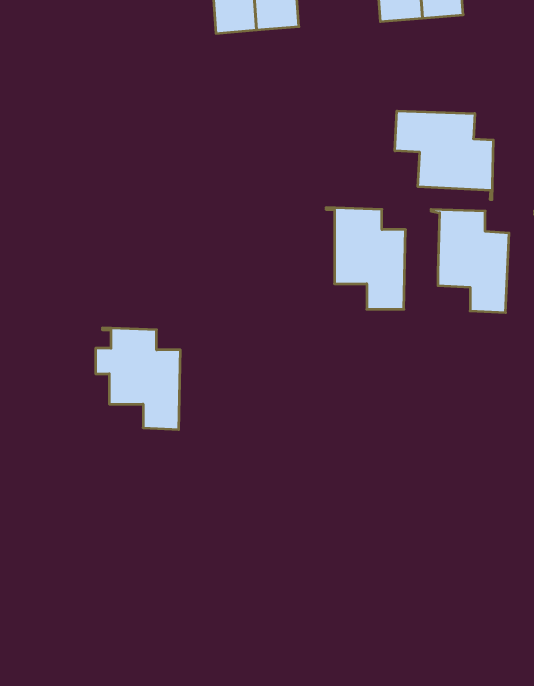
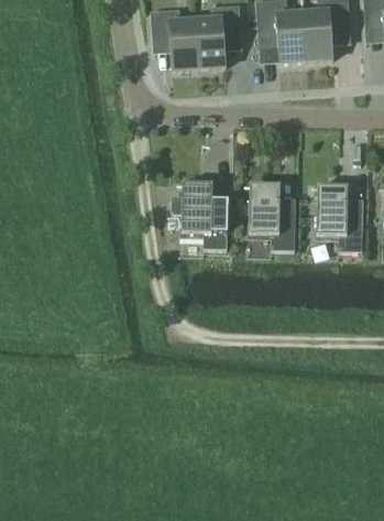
building: [395,111,493,200] -> none
building: [96,328,180,430] -> [172,183,227,249]

